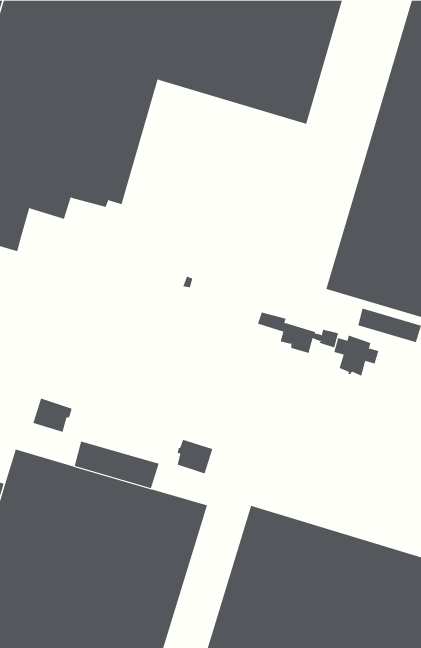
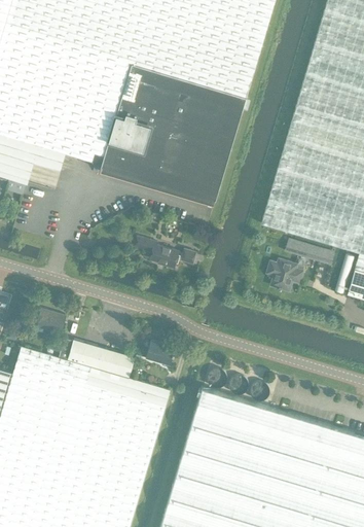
building: none -> [101,63,246,200]
building: [257,312,339,353] -> [134,236,196,268]

